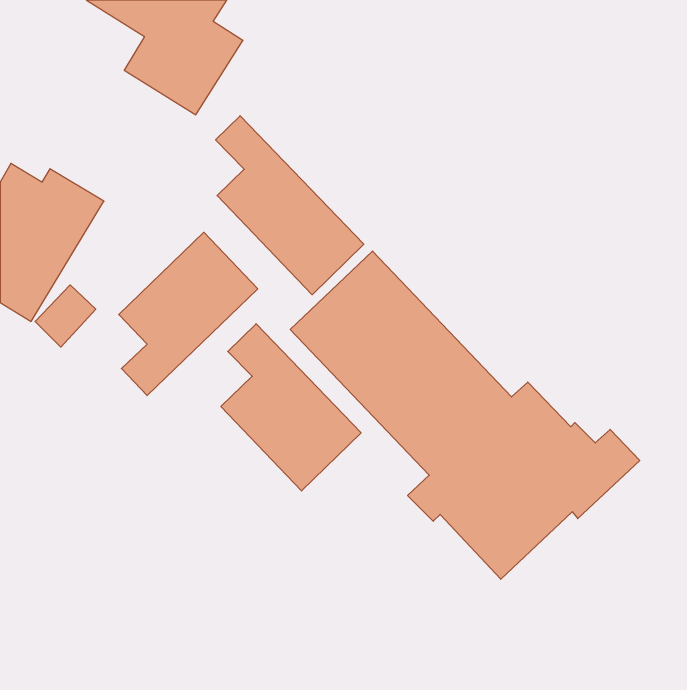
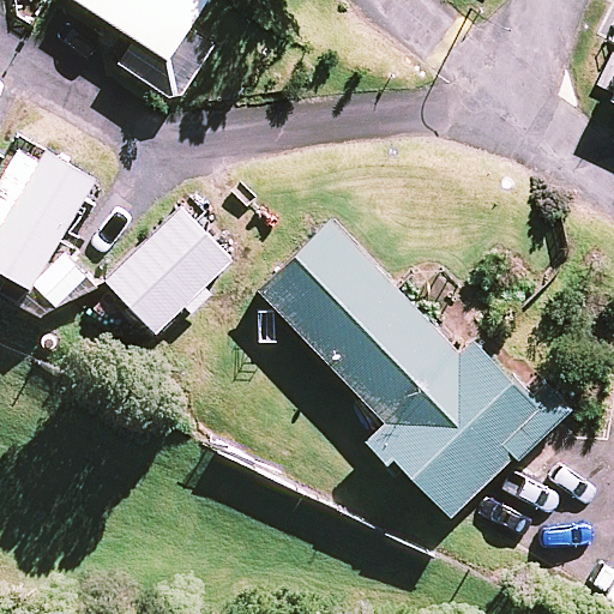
building: [216,116,364,295] -> none
building: [221,324,361,491] -> none

